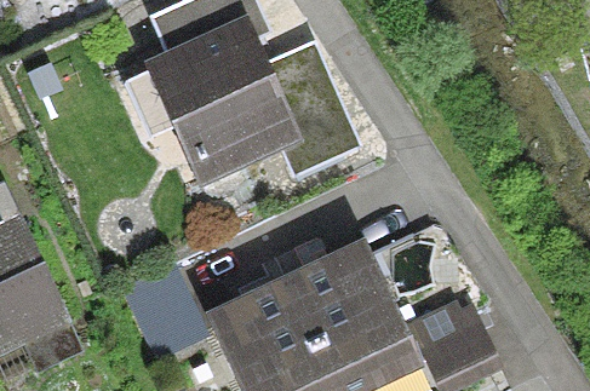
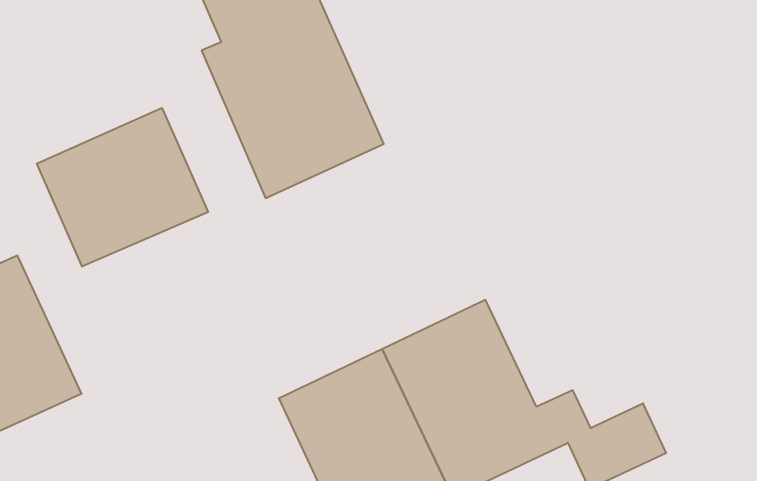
building: none -> [37,108,208,267]

